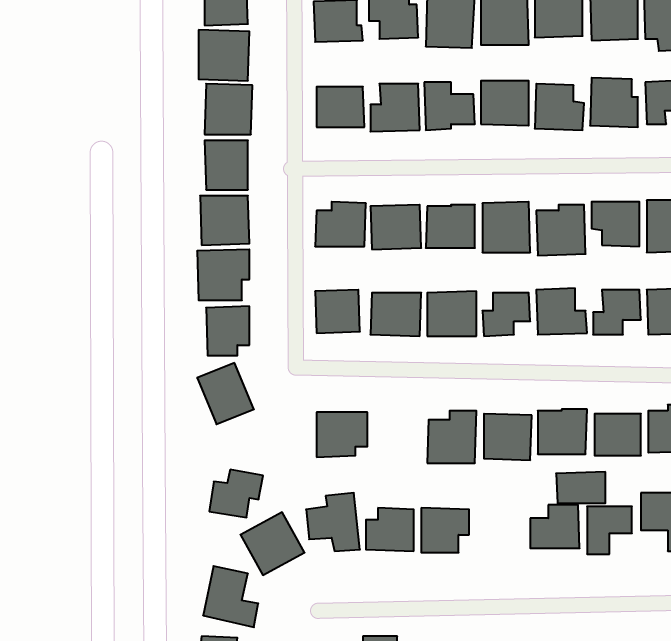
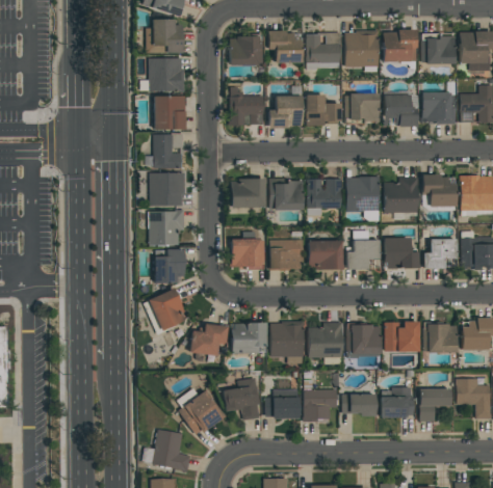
building: none -> [271,322,305,358]
building: [209,470,263,517] -> [191,323,229,356]
building: [556,472,605,503] -> [342,394,377,415]

